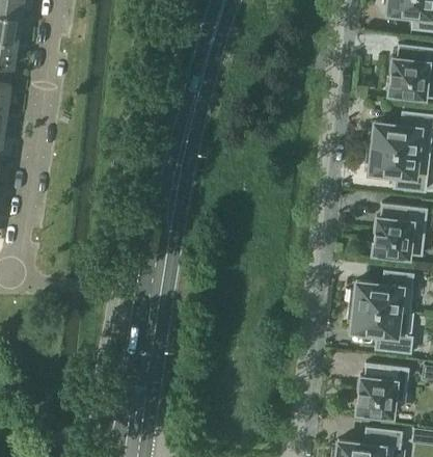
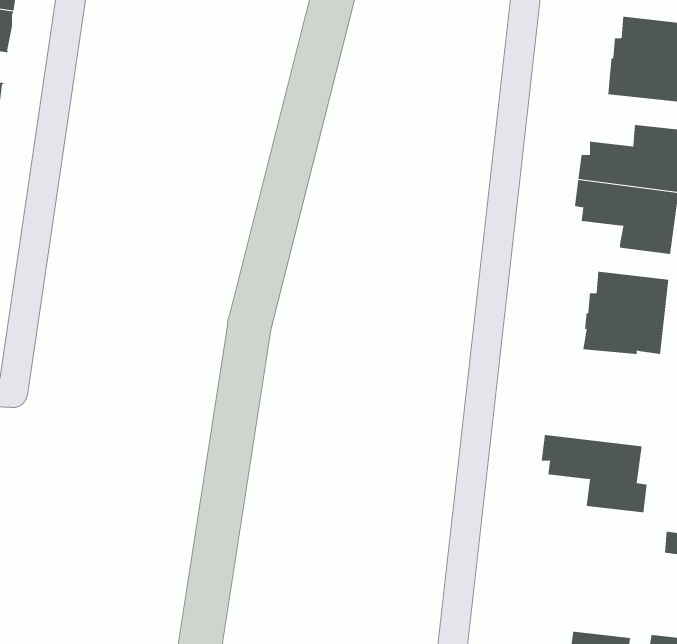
building: [348,270,413,313] -> none
building: [356,364,409,416] -> none

